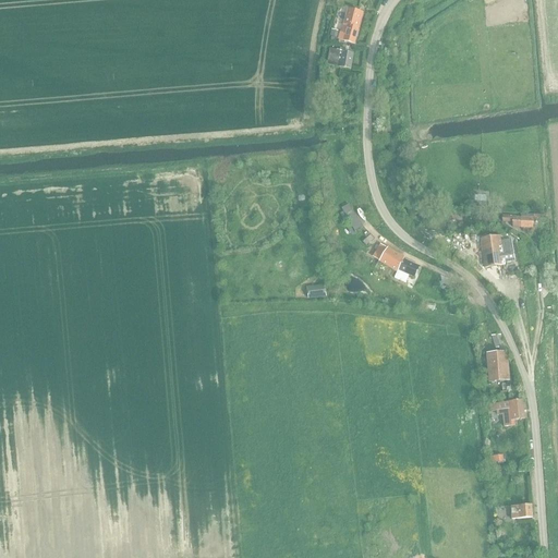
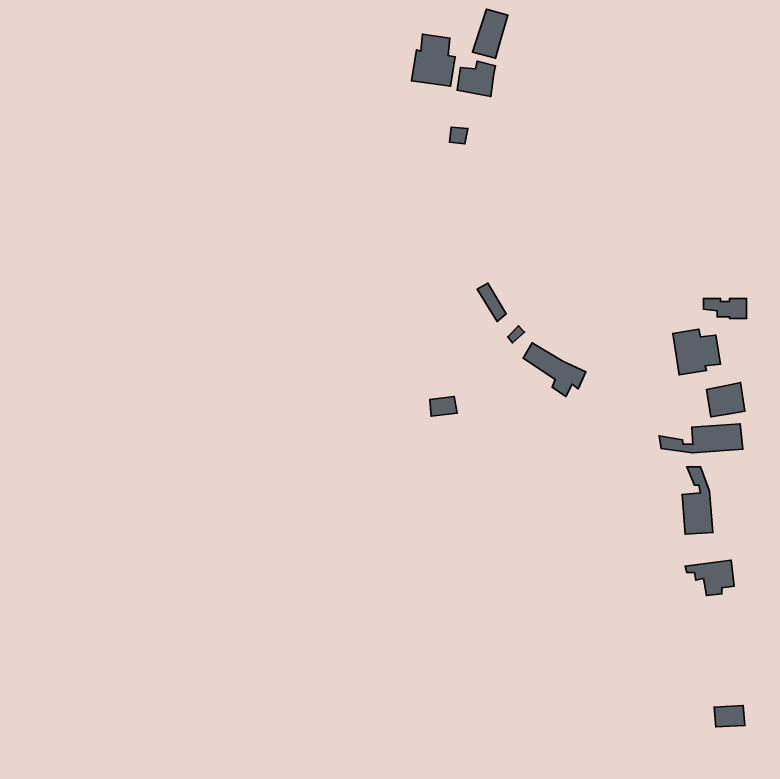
building: none -> [412,34,455,86]
building: none -> [706,382,745,417]
building: none -> [659,424,743,453]

